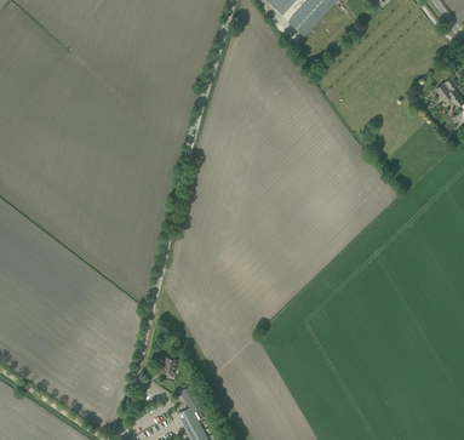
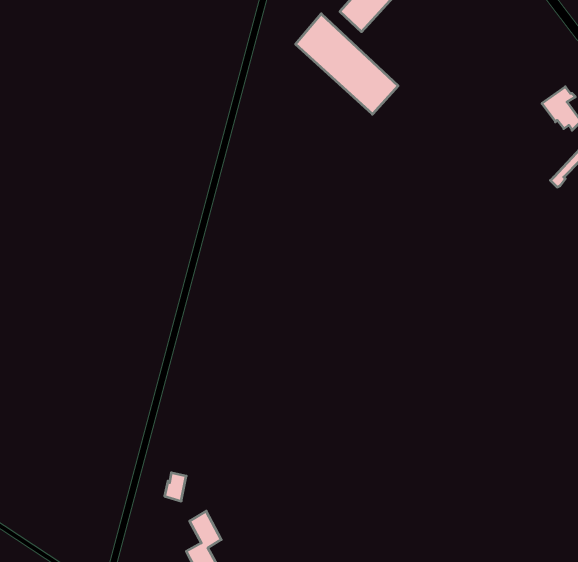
building: none -> [296,14,398,114]

